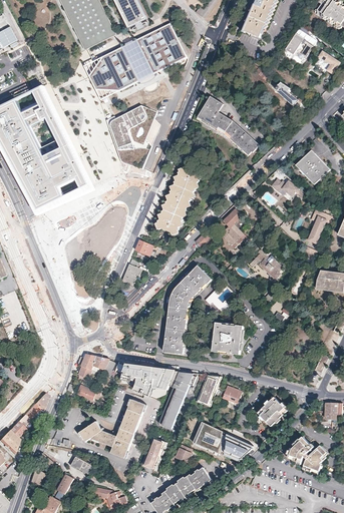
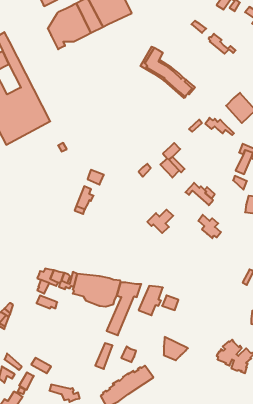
building: [108,105,158,167] -> none
building: [153,166,200,236] -> none
building: [162,266,211,355] -> none
building: [212,323,243,356] -> none
building: [257,396,286,425] -> none
building: [77,399,144,458] -> none
building: [192,421,224,452] -> none

